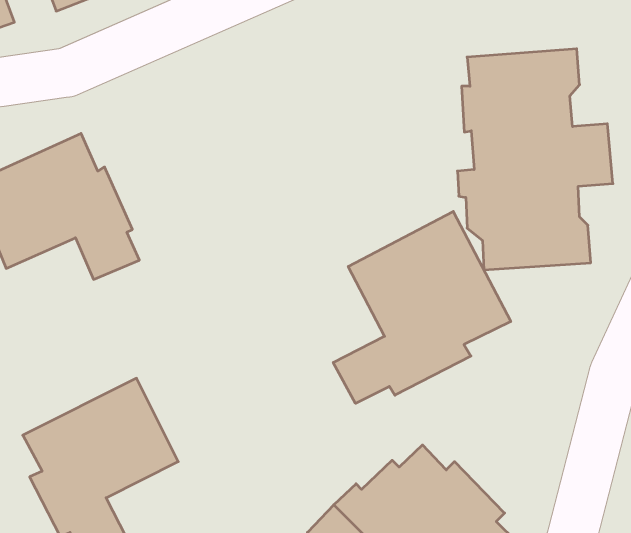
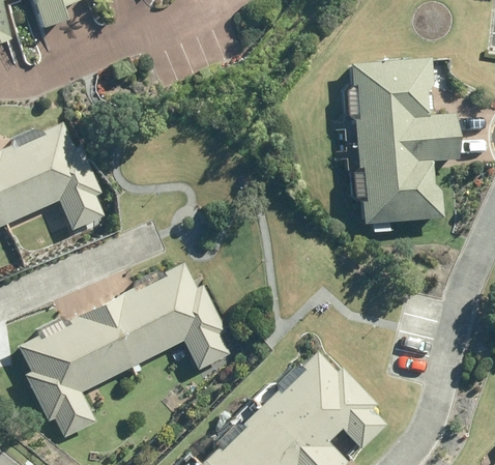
building: [333,211,511,403] -> none
building: none -> [104,264,228,370]

